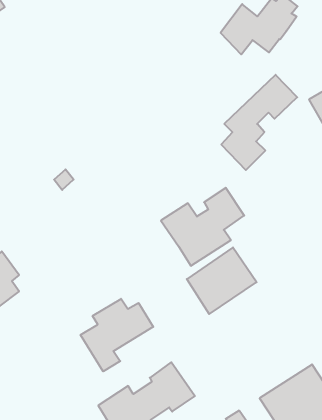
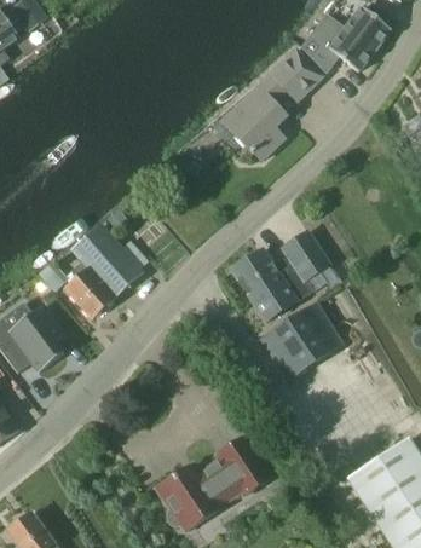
building: [221,75,297,170] -> [232,48,322,161]
building: none -> [67,225,142,318]
building: [81,299,153,371] -> none

